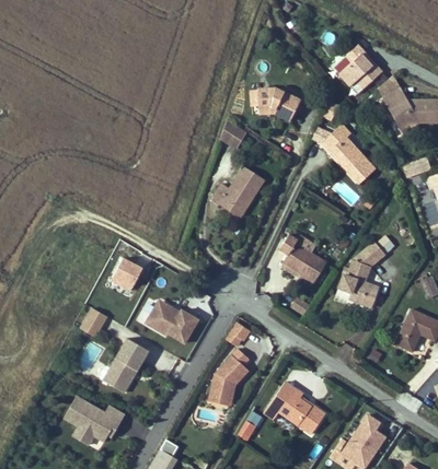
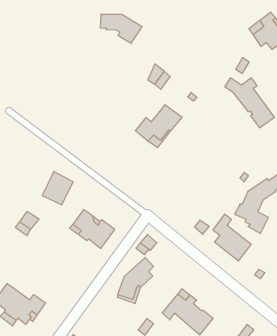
building: [251,87,301,120] -> [100,14,142,43]
building: [279,230,326,283] -> [213,214,251,261]
building: [100,337,149,392] -> none

